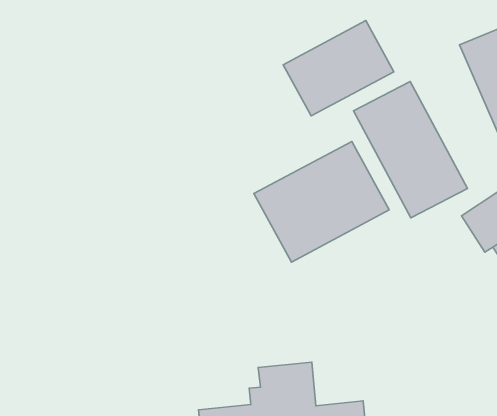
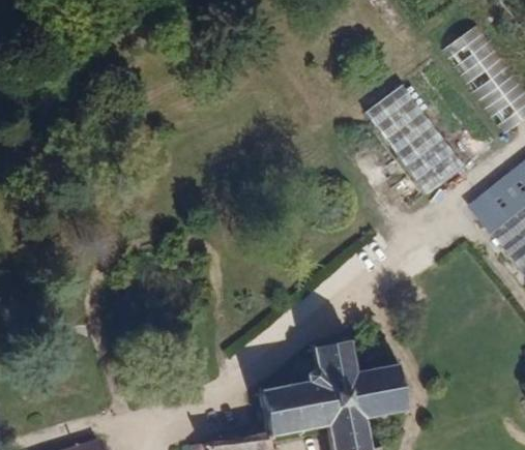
building: [283,21,394,116] -> none
building: [254,141,389,262] -> none

